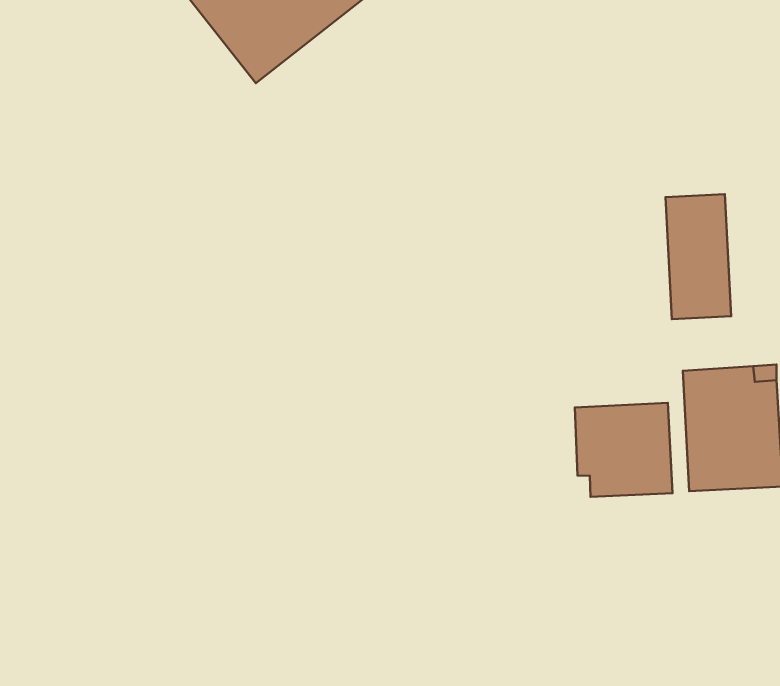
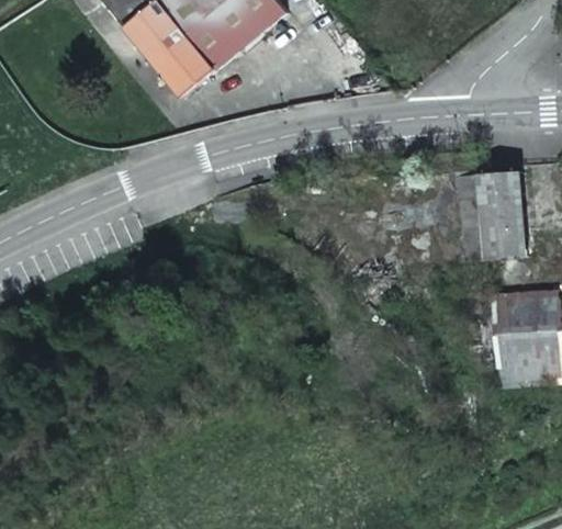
building: none -> [452,173,481,260]
building: [575,403,673,497] -> none

